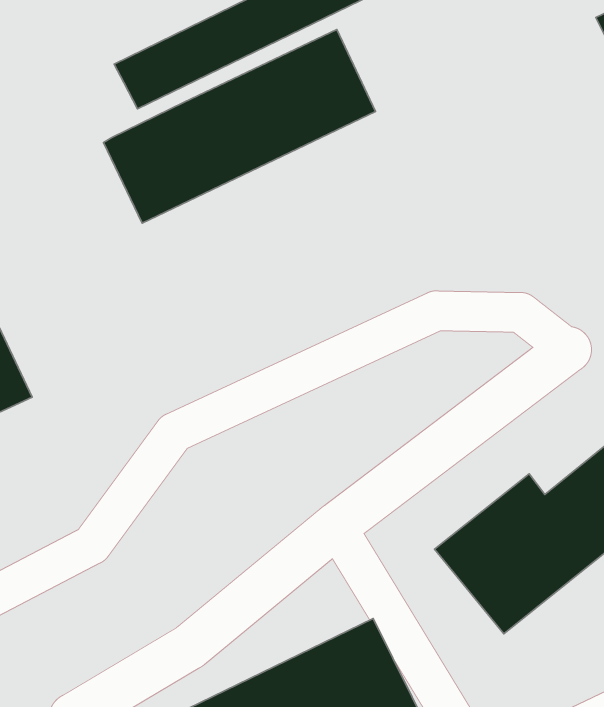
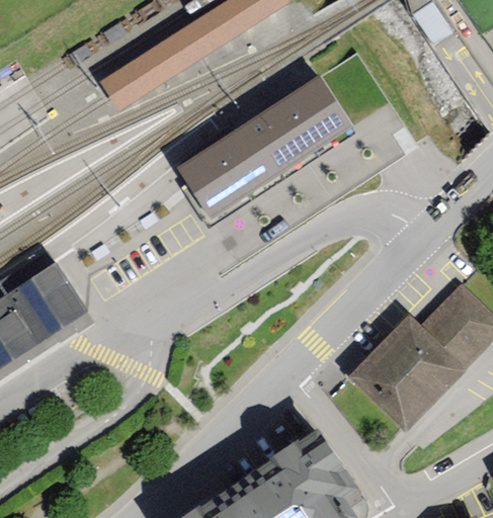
building: [103,30,375,223] -> [175,76,351,220]

